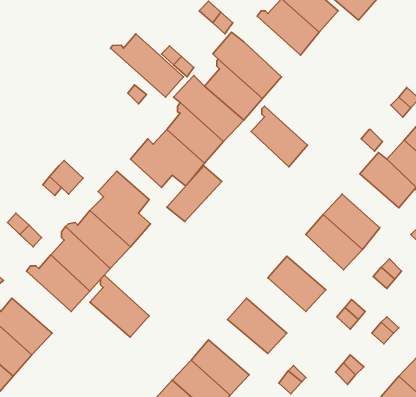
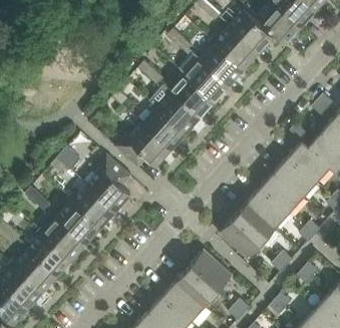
building: [110,34,184,97] -> none
building: [251,106,308,167] -> [202,39,244,84]
building: [167,166,222,222] -> none
building: none -> [275,156,317,197]
building: none -> [234,202,276,243]
building: [90,275,149,337] -> [29,229,73,275]
building: none -> [176,265,220,306]

